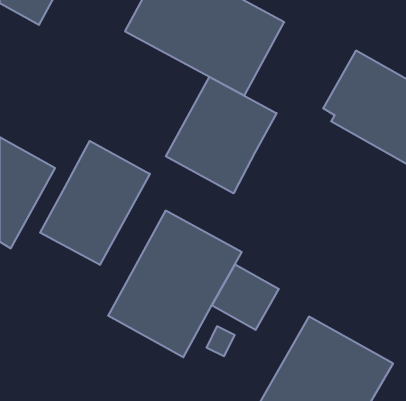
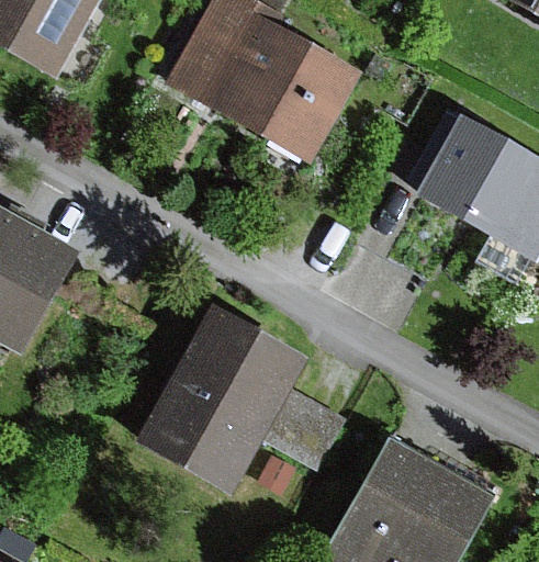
building: [166,77,277,193] -> none
building: [40,141,150,265] -> none

